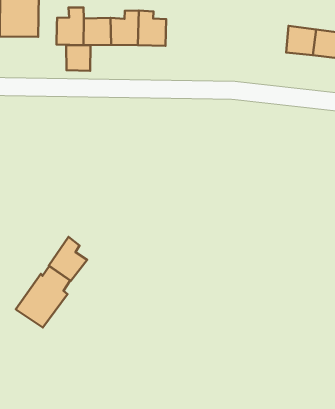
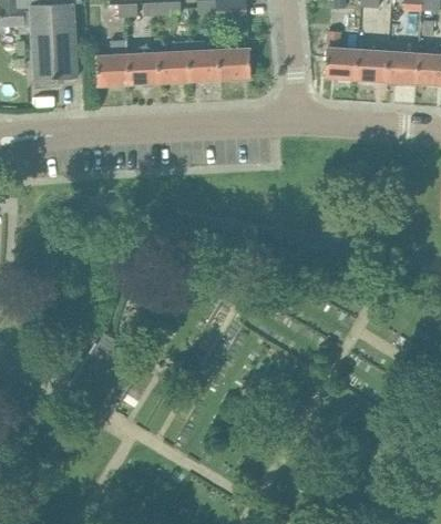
building: none -> [324,30,356,79]
building: none -> [218,47,250,79]
building: [66,45,91,71] -> none
building: [49,237,87,281] -> none

